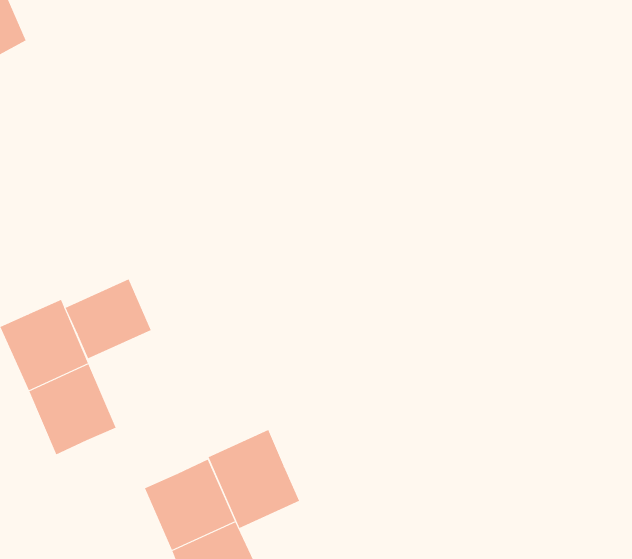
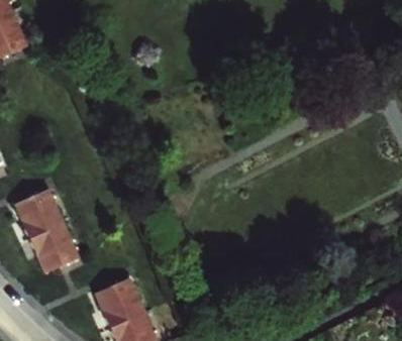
building: [65,278,152,359] -> none
building: [208,429,300,529] -> none

